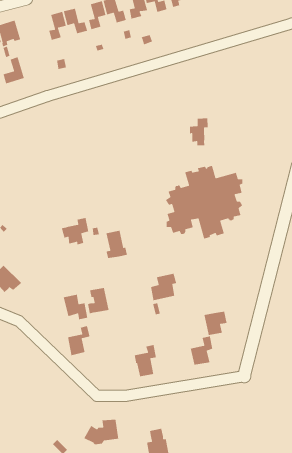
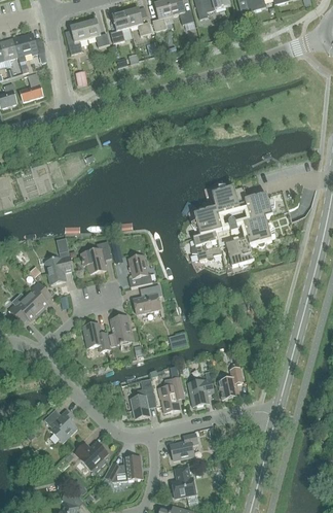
building: [189,117,209,146] -> none
building: none -> [46,237,73,283]
building: none -> [26,281,50,311]
building: [150,273,177,301] -> [134,283,162,313]
building: [203,311,228,336] -> [188,378,214,405]
building: [67,325,90,356] -> [131,385,155,418]
building: none -> [44,409,77,441]
building: none -> [171,432,198,458]
building: none -> [76,441,108,472]

